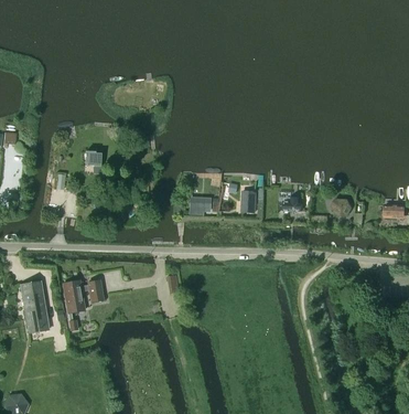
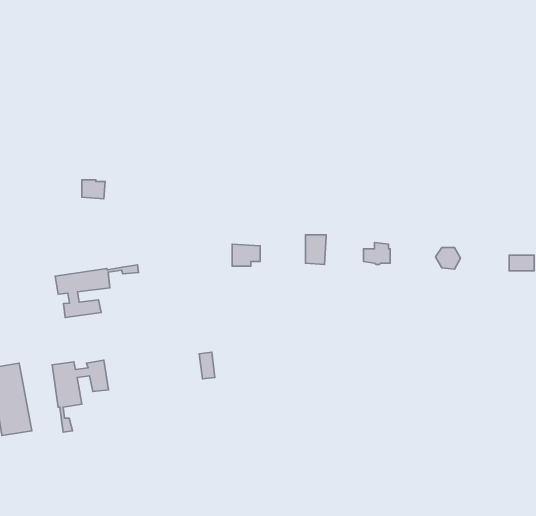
building: none -> [55,265,138,318]

